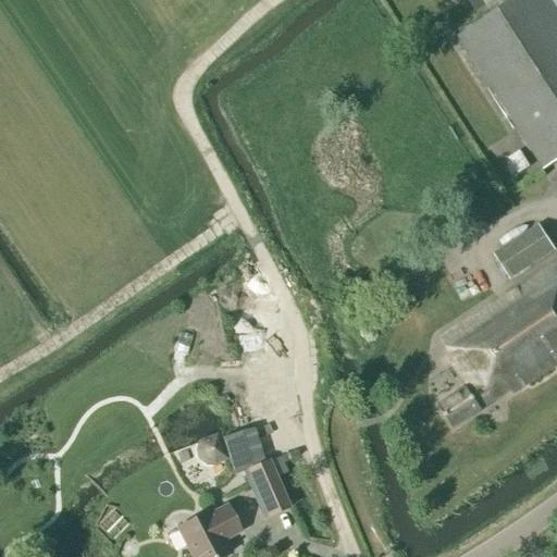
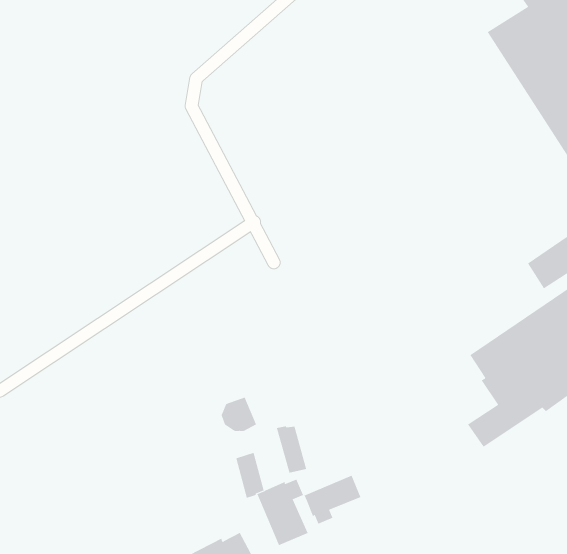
building: none -> [276,426,307,473]
building: [196,431,230,463] -> [221,397,257,431]
building: none -> [304,475,361,524]

